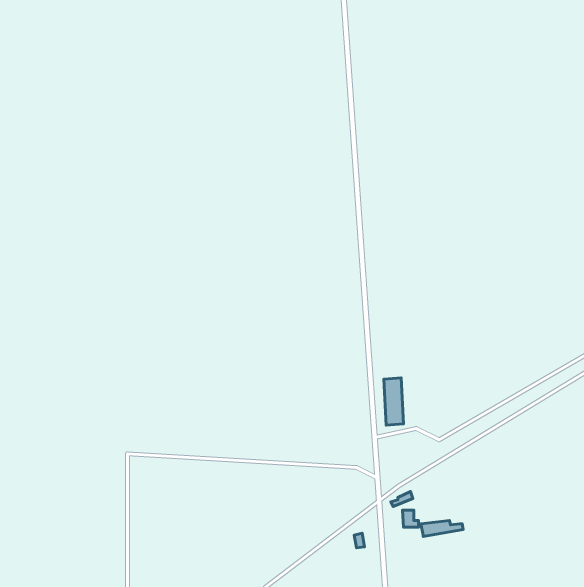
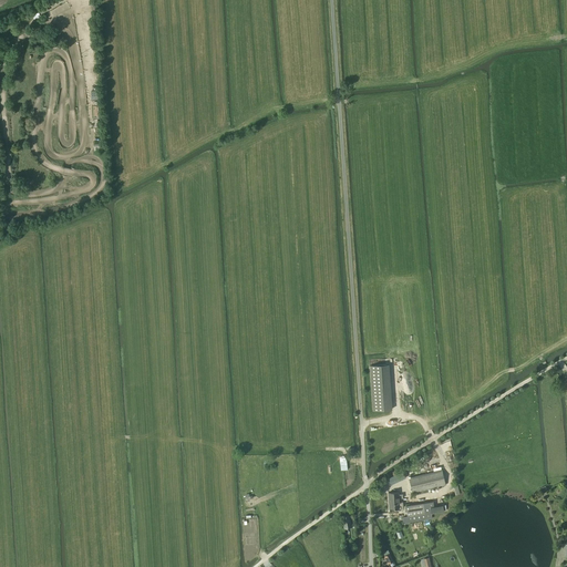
building: none -> [412,470,450,493]

